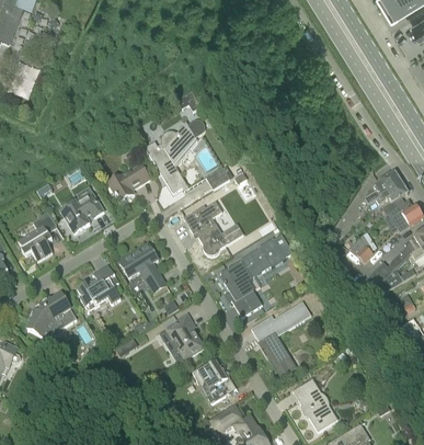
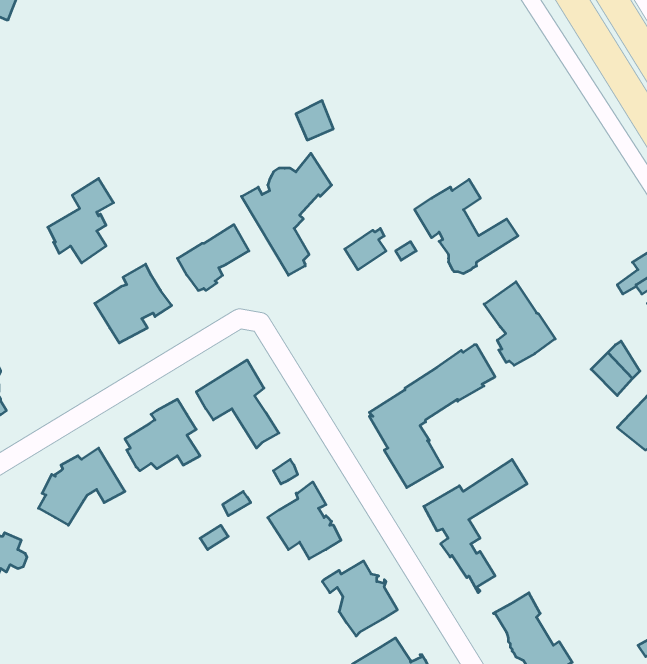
building: none -> [484,282,555,365]
building: [183,201,243,255] -> [415,179,518,273]
building: [18,212,56,261] -> [48,178,114,263]

